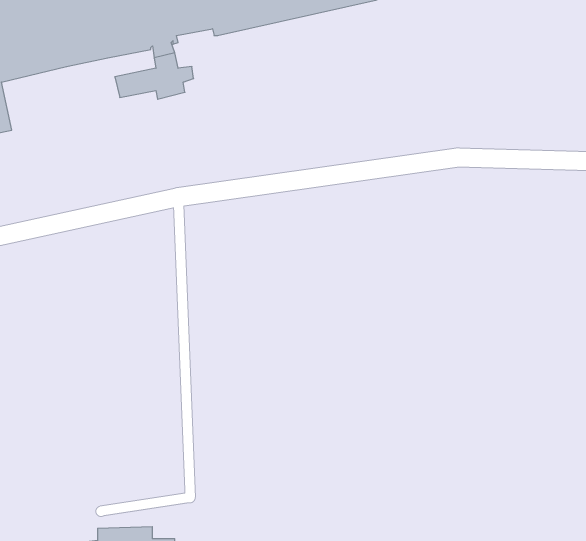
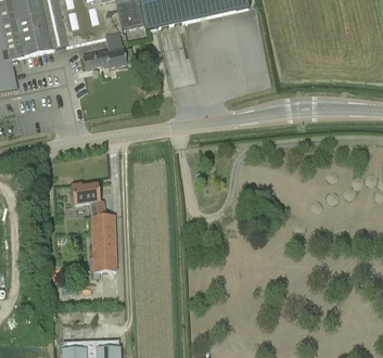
building: none -> [72,181,117,270]

